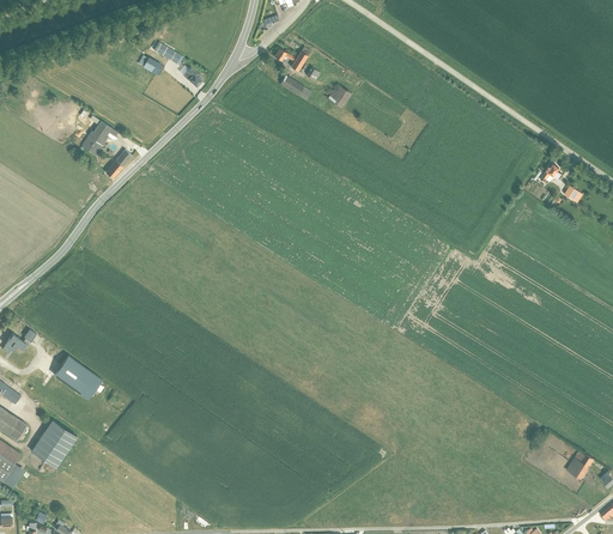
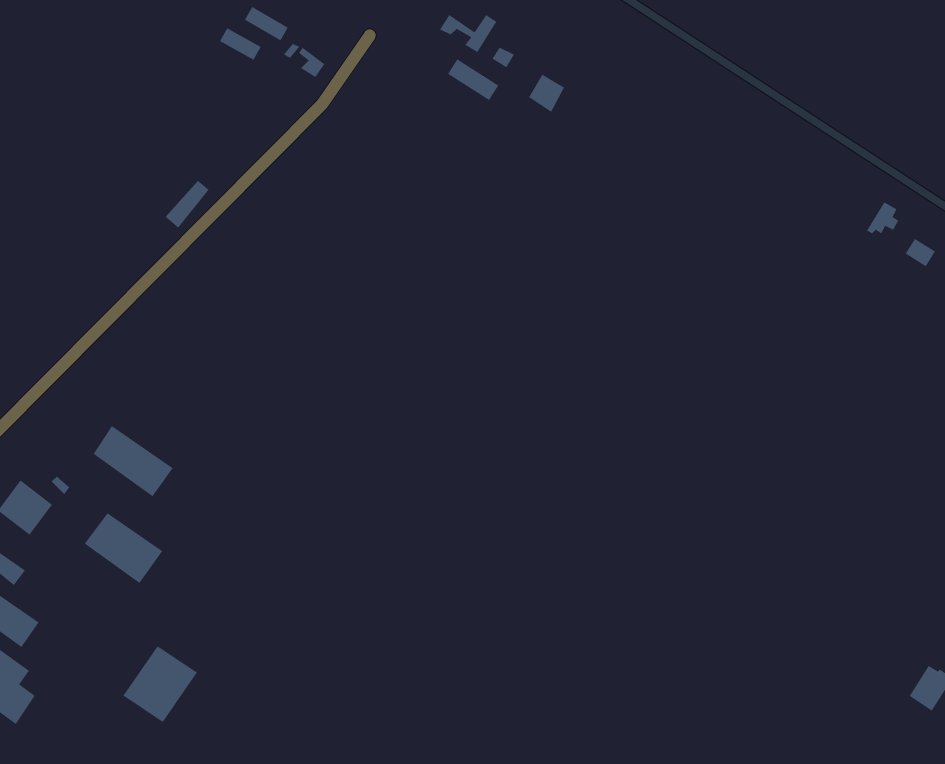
building: [80,120,119,156] -> none
building: none -> [93,425,173,497]
building: [30,419,77,467] -> [123,645,198,723]

